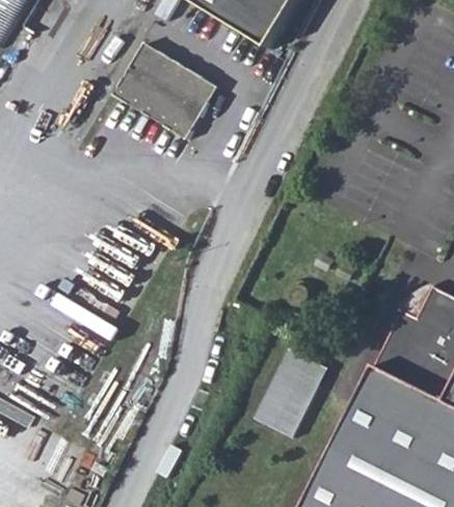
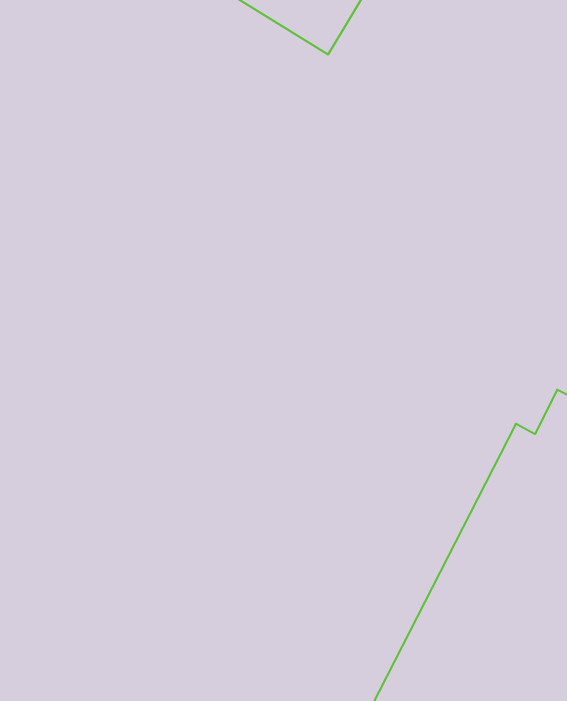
building: [113,44,216,138] -> none
building: [255,348,326,436] -> none

